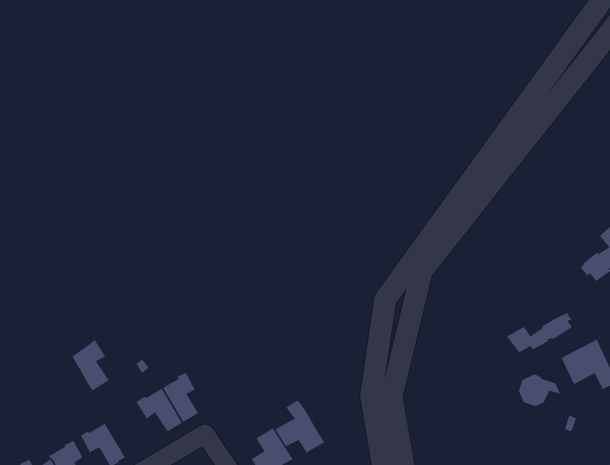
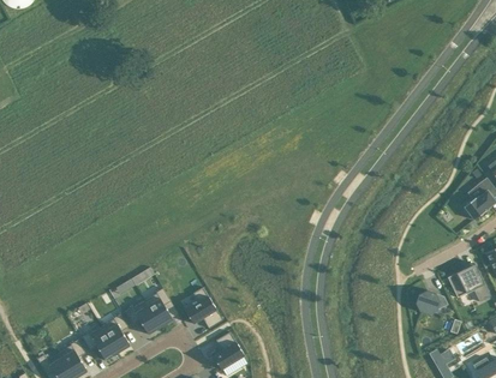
building: [506,312,573,353] -> none
building: [71,339,109,391] -> [101,313,130,353]
building: [275,400,325,453] -> [184,287,222,328]

